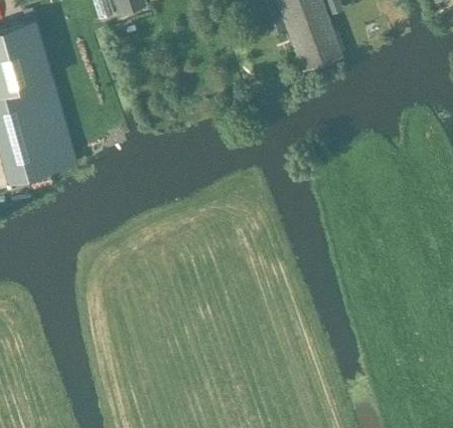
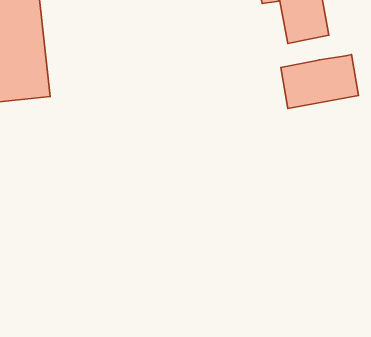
building: none -> [281,54,359,109]

